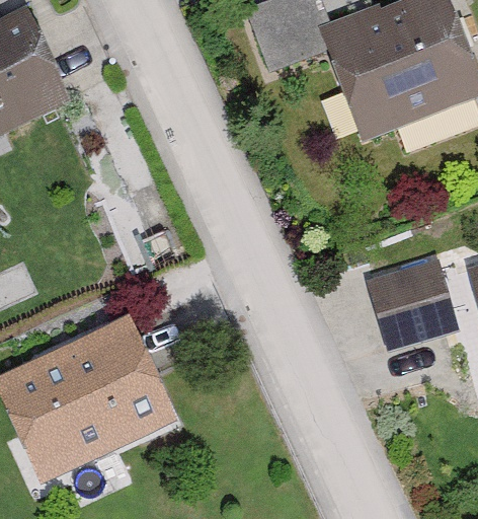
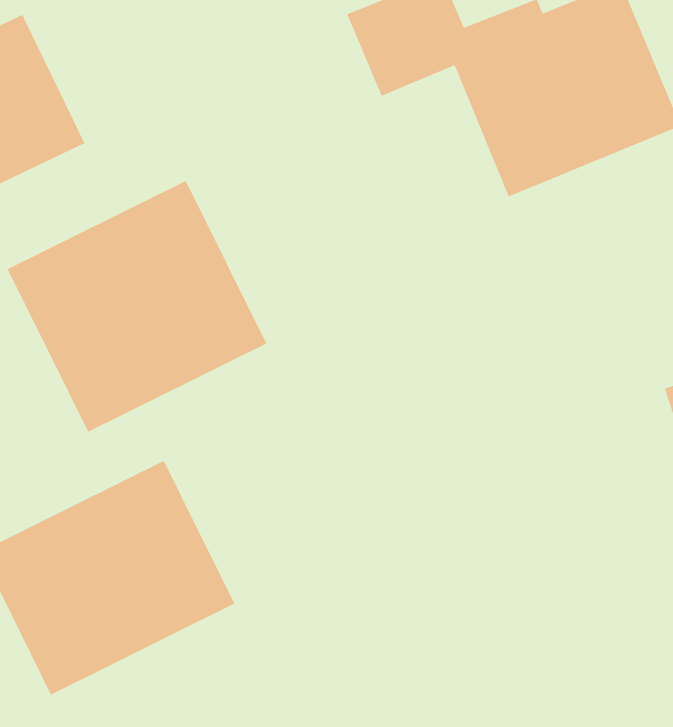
building: none -> [7,180,267,433]
building: [366,248,462,347] -> none

